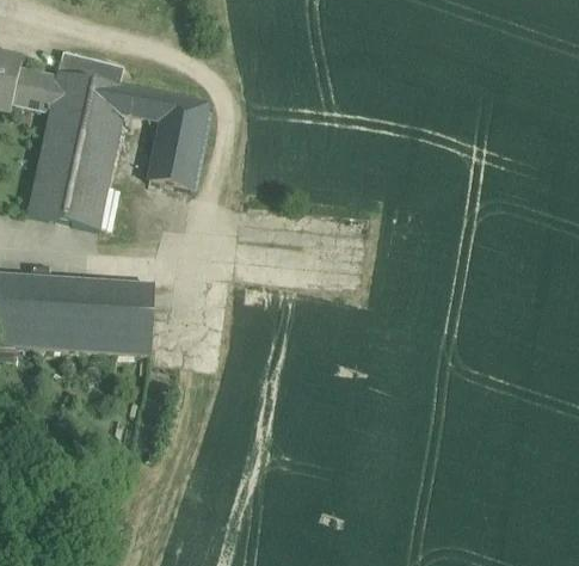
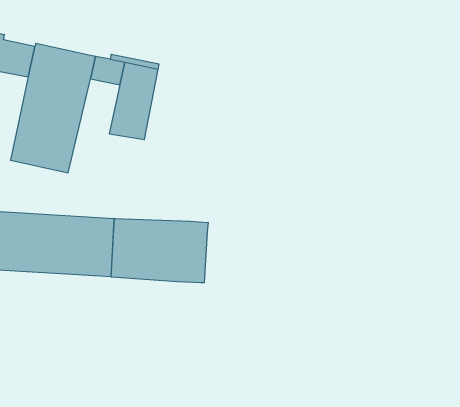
building: [58,50,124,84] -> none
building: none -> [111,218,208,283]

